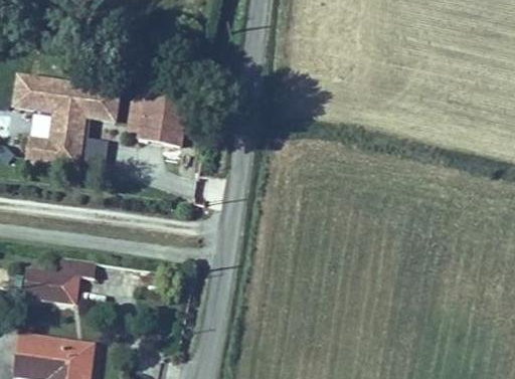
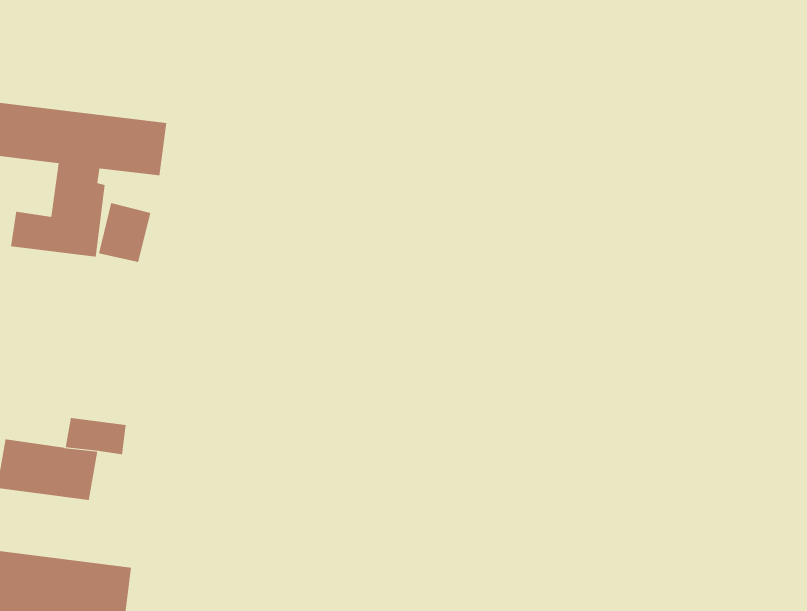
building: [134,86,182,143] -> none

